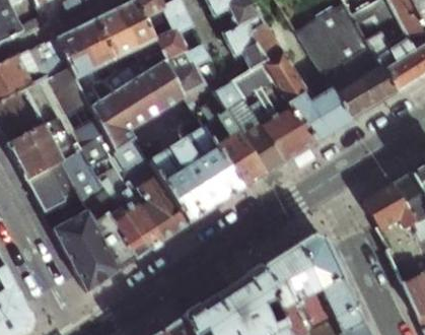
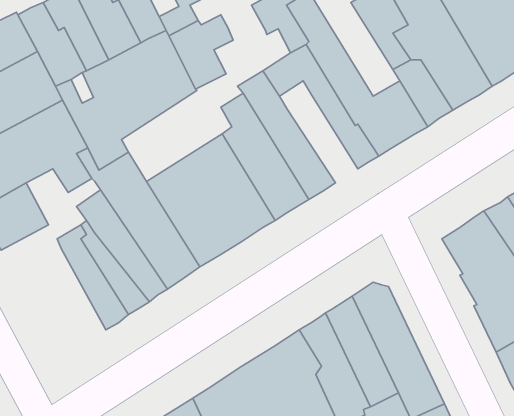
building: [251,97,301,161] -> none
building: [61,151,104,202] -> none
building: [52,209,119,290] -> none

